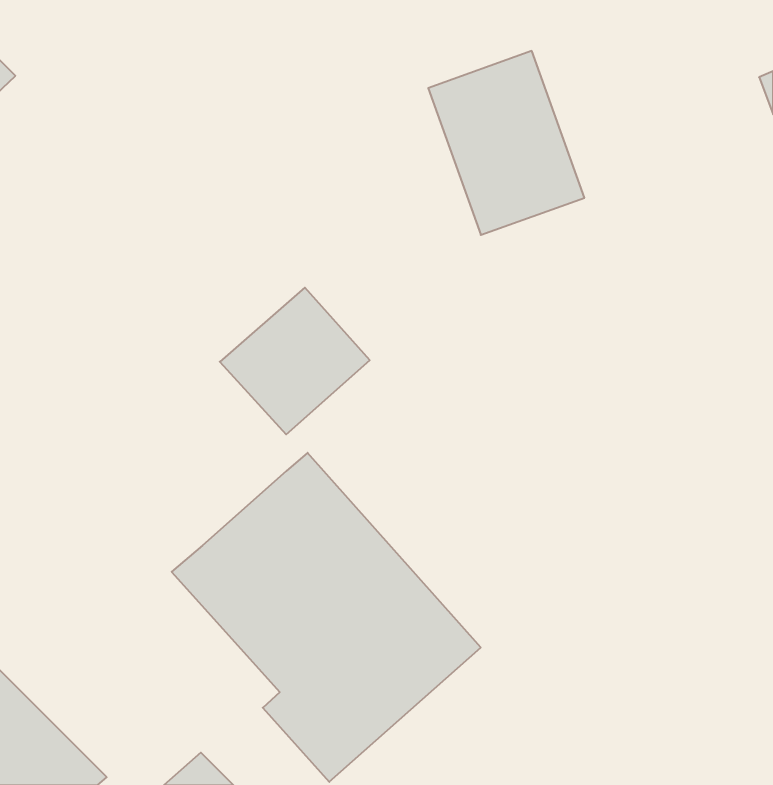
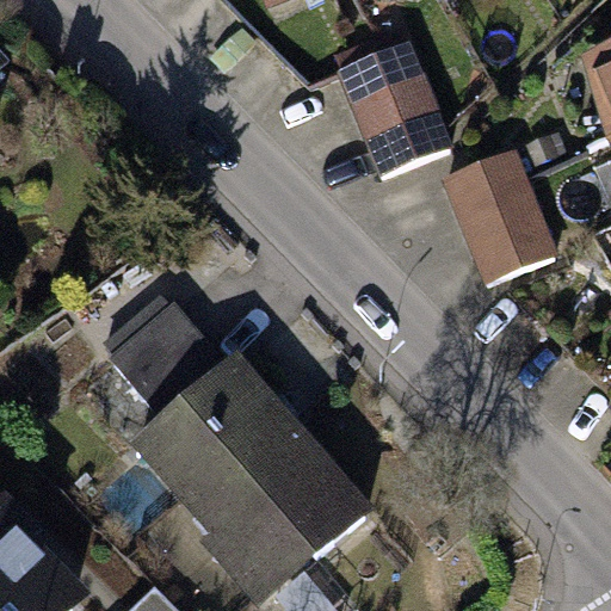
building: none -> [444,154,558,289]
building: [220,288,370,434] -> [105,308,221,421]

